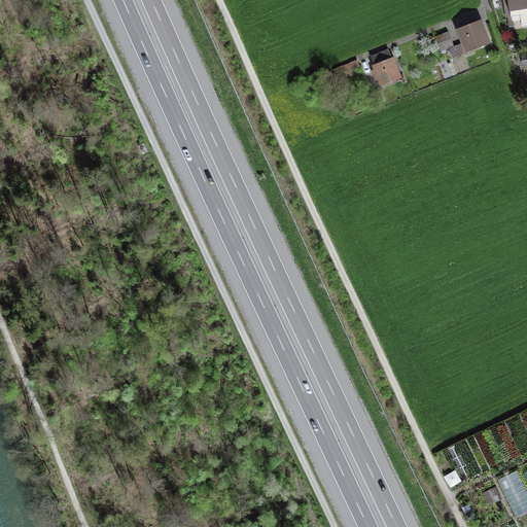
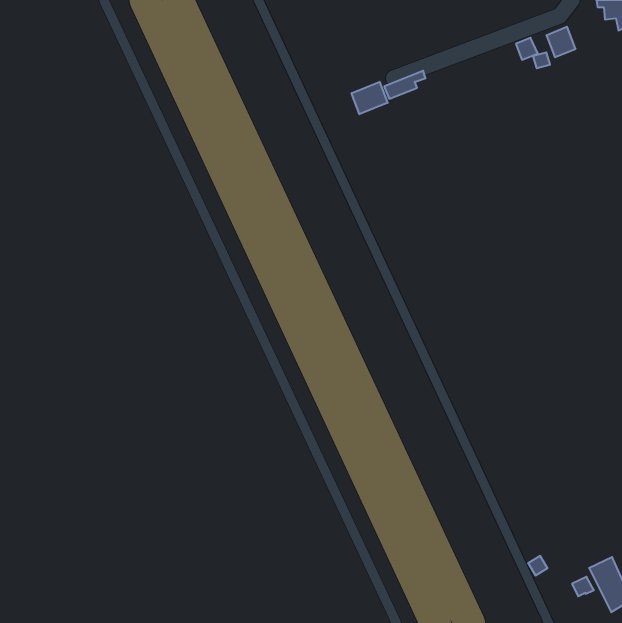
building: [373,49,400,83] -> none
building: none -> [352,82,388,114]

